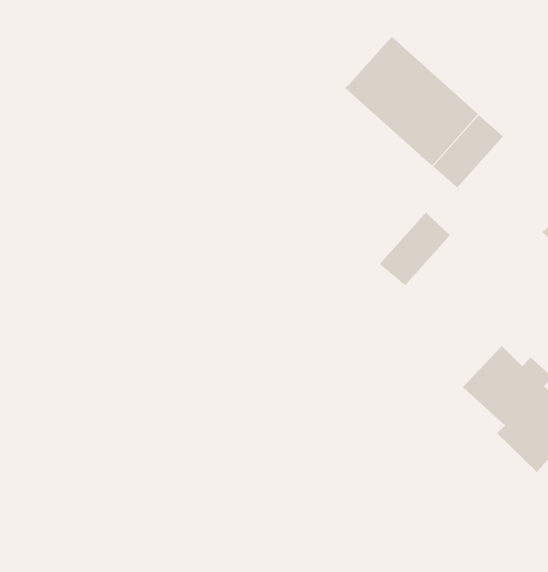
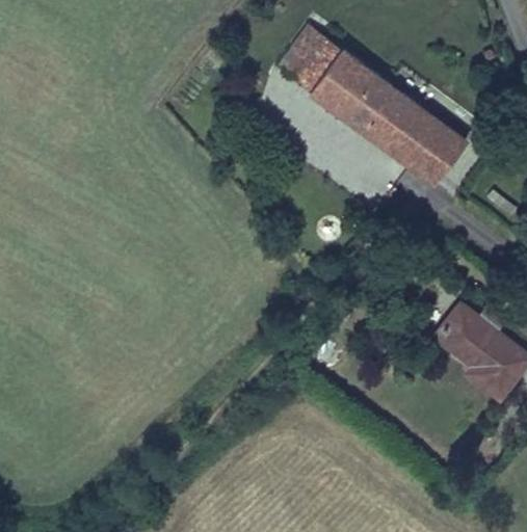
building: none -> [276,25,341,91]
building: [379,212,451,286] -> [411,124,469,188]

